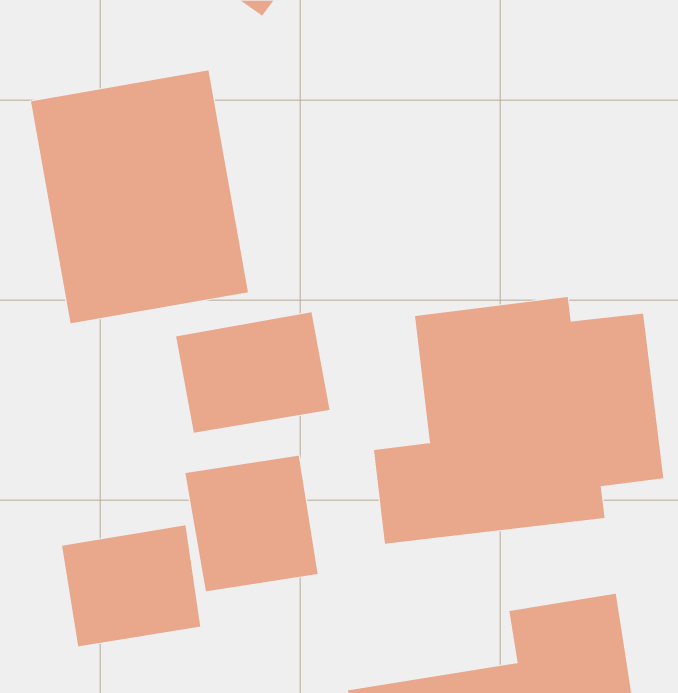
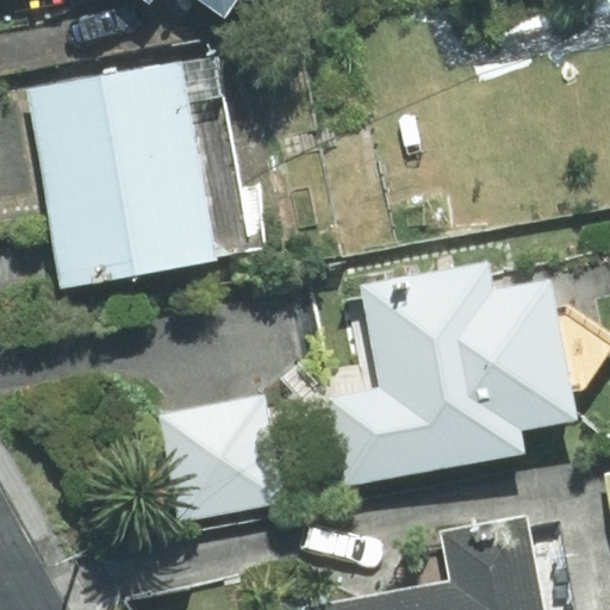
building: [176,312,330,434] -> none
building: [62,524,201,647] -> none

